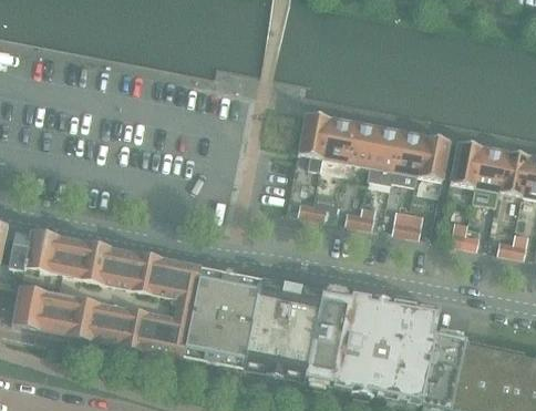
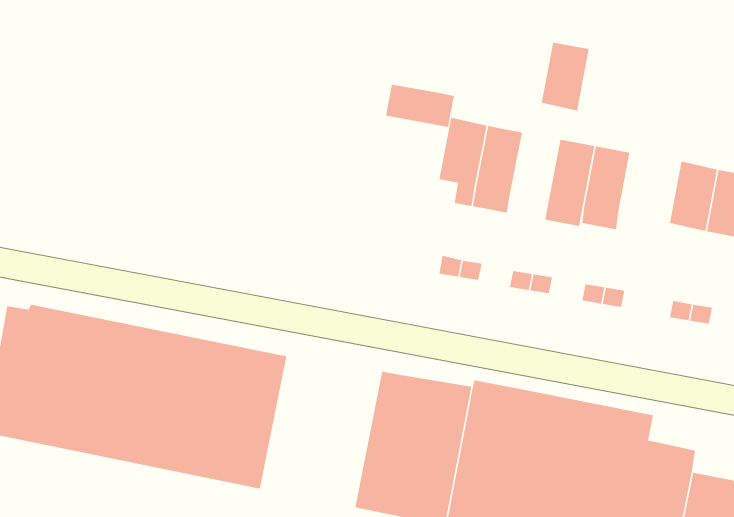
building: none -> [386,84,454,128]
building: [348,123,380,168] -> [541,42,590,111]
building: [419,136,451,182] -> none
building: [183,268,262,370] -> none

